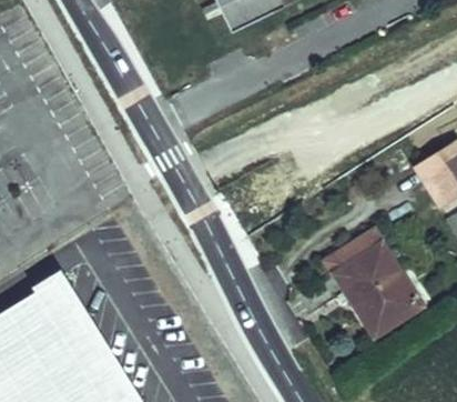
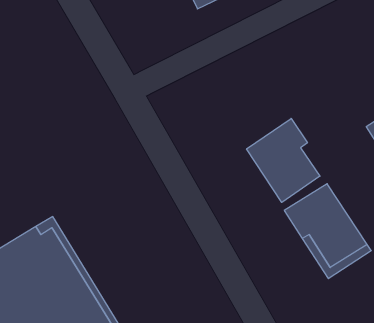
building: none -> [247,118,320,202]

